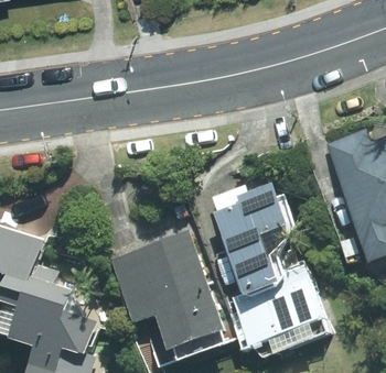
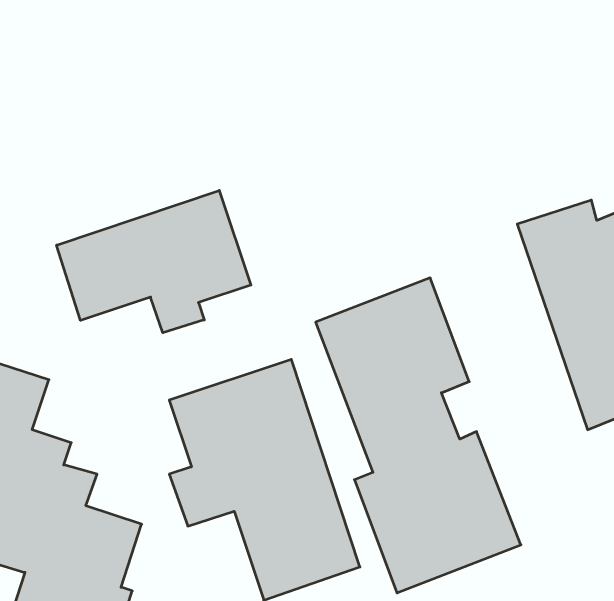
building: none -> [57,190,251,333]

